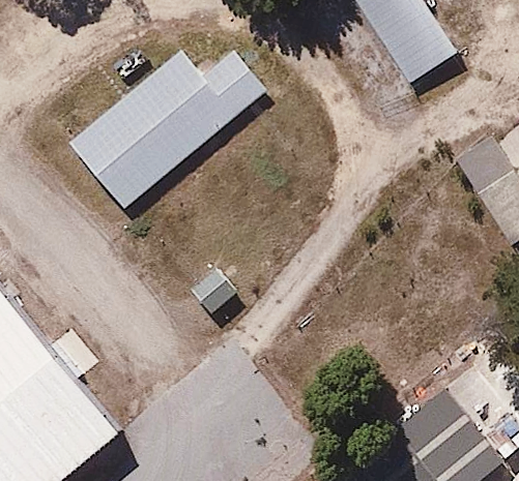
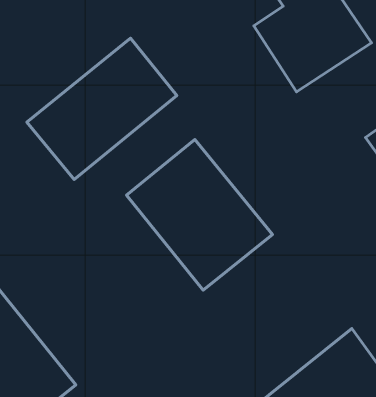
building: none -> [127,139,272,290]

